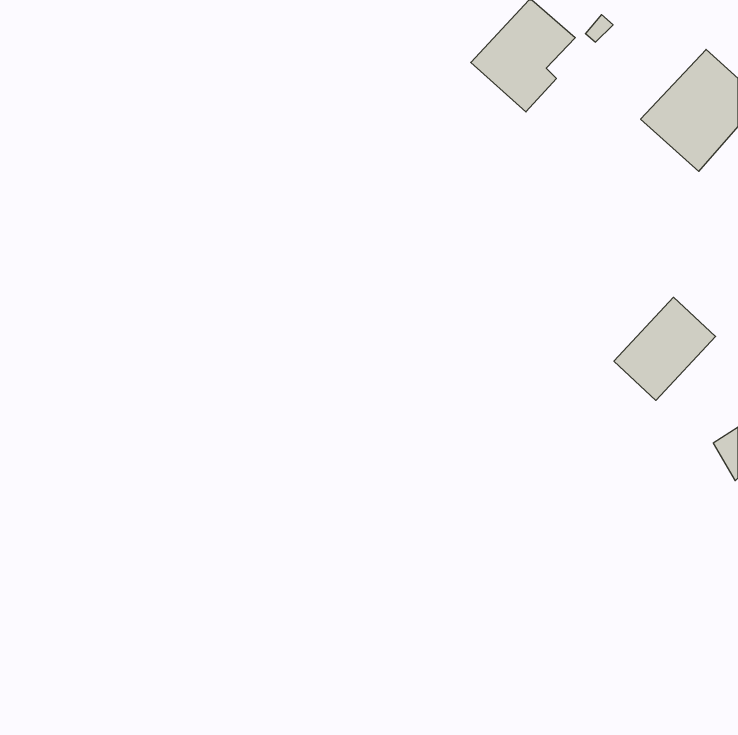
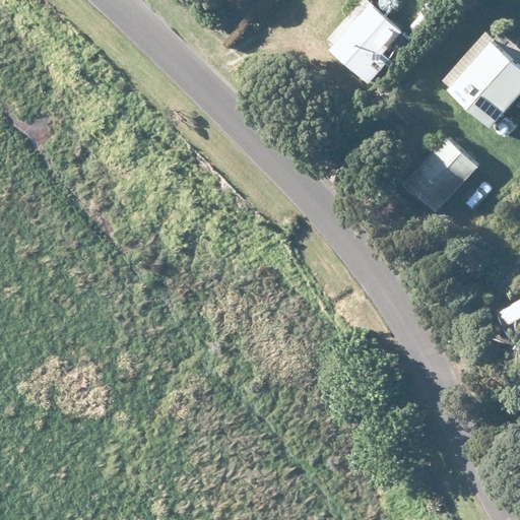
building: [614,297,716,400] -> [405,139,476,211]

